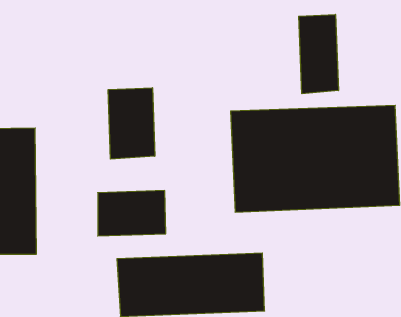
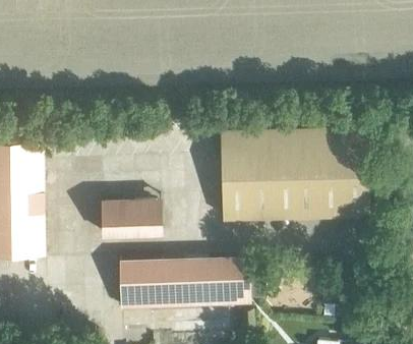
building: [299,14,338,94] -> none
building: [108,88,155,159] -> none

